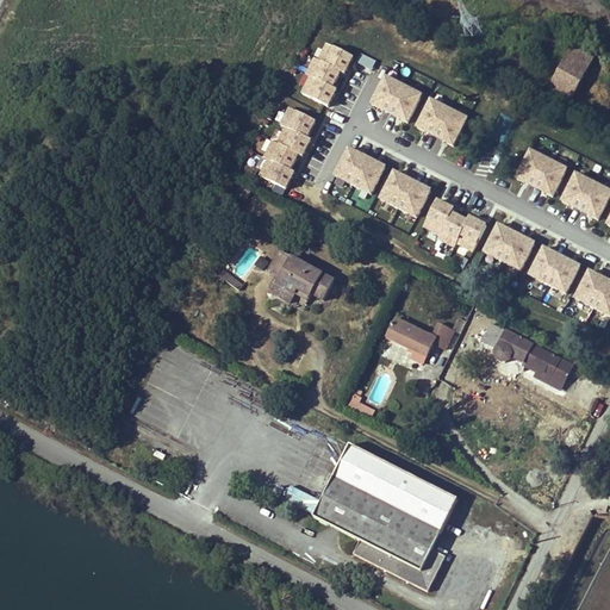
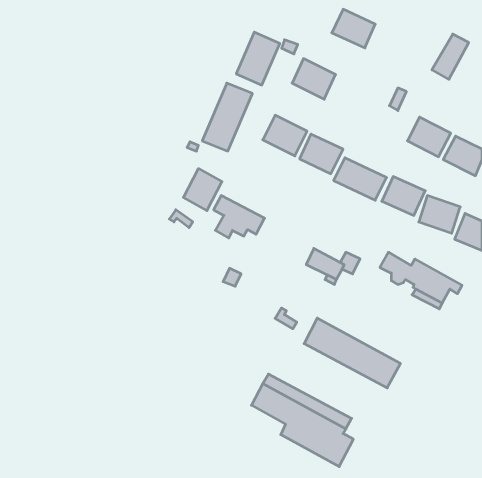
building: [413,98,468,147] -> [332,9,375,48]
building: none -> [183,169,222,211]
building: [338,440,460,528] -> [304,318,400,388]

